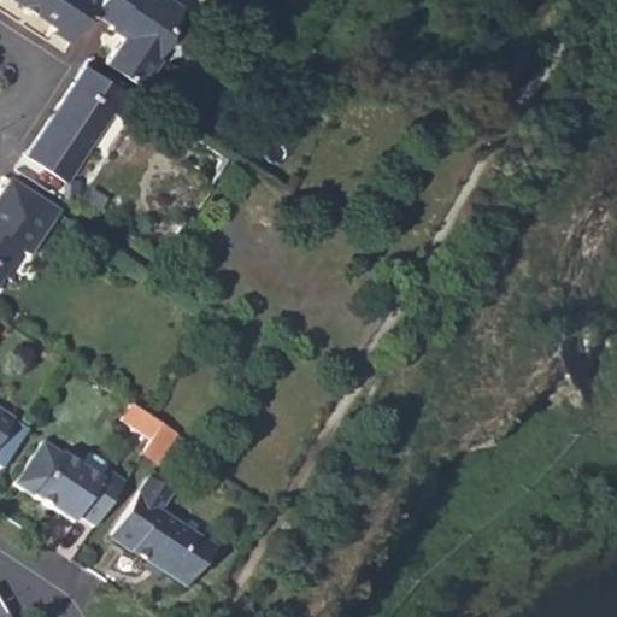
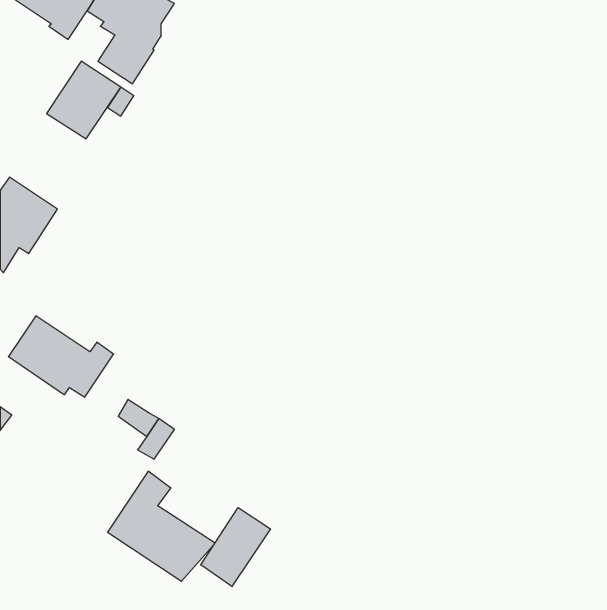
building: [25,114,90,178] -> none
building: [19,442,125,524] -> [8,316,114,397]
building: none -> [201,508,270,587]

